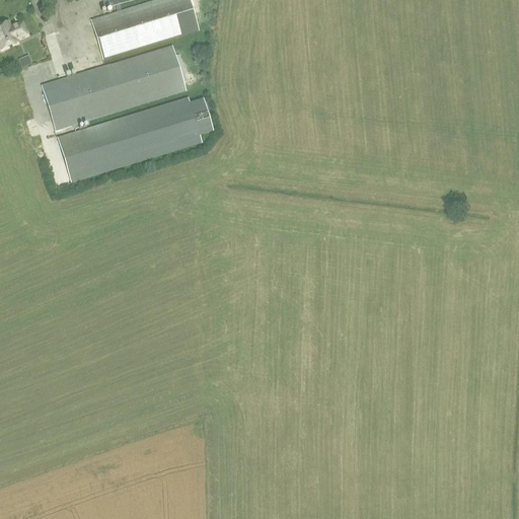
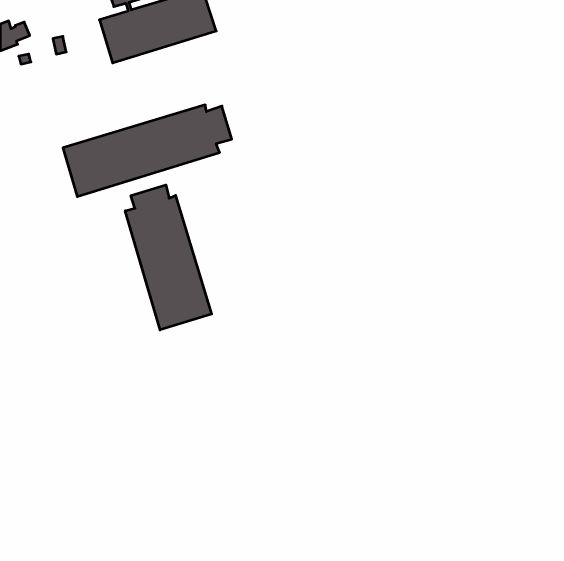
building: [42,45,186,129] -> none
building: none -> [125,185,212,330]

